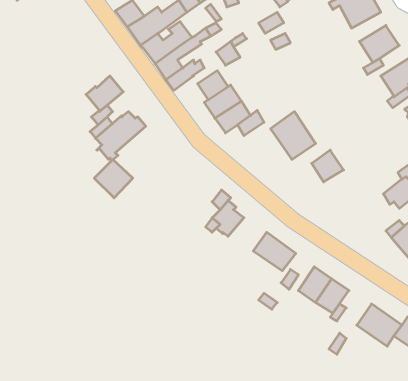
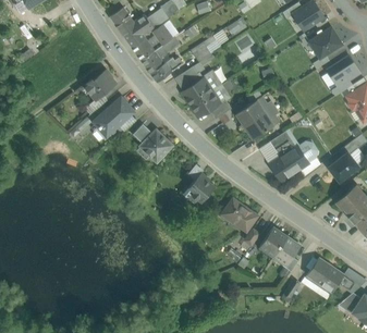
building: [94,160,133,198] -> [140,130,172,161]
building: none -> [270,146,308,181]

